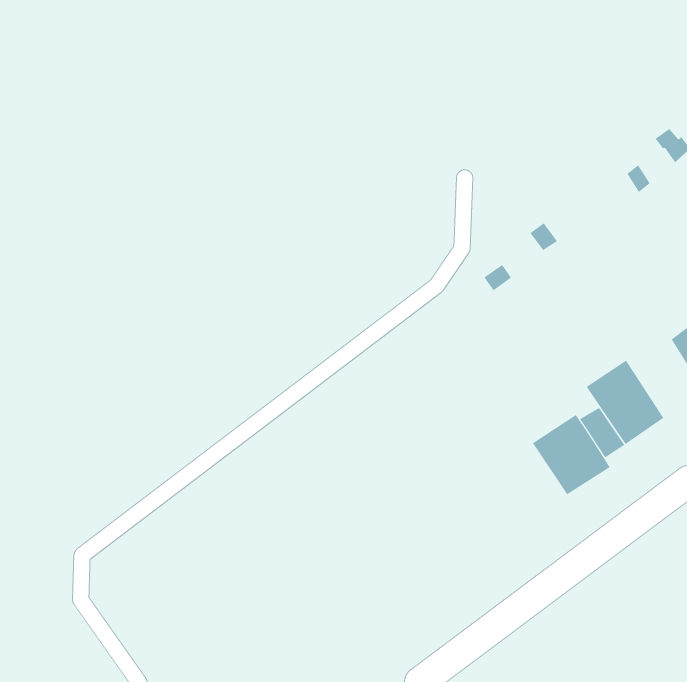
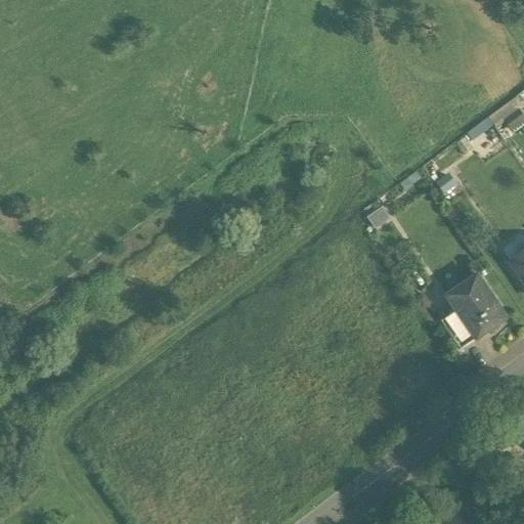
building: [532,414,610,495] -> none

